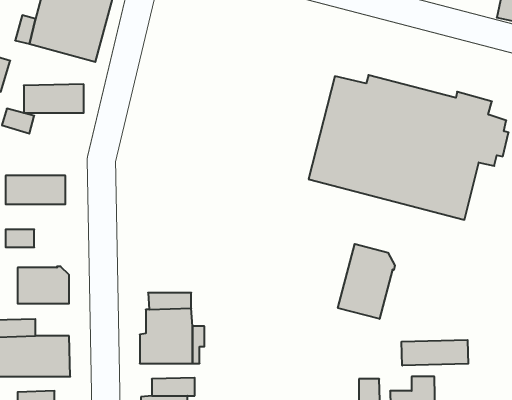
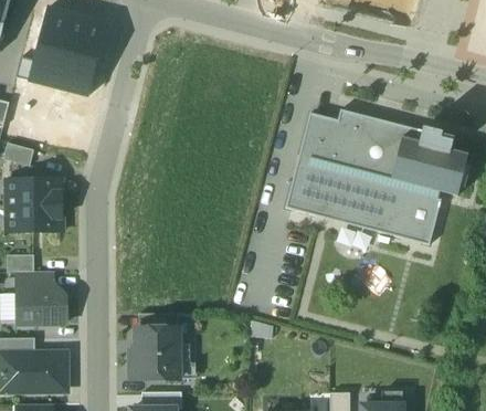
building: [24,84,84,113] -> [7,177,62,203]
building: [338,244,395,319] -> none
building: none -> [18,270,54,288]
building: [402,340,468,366] -> none

